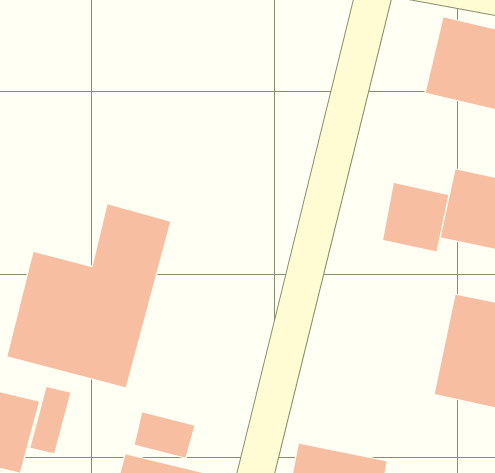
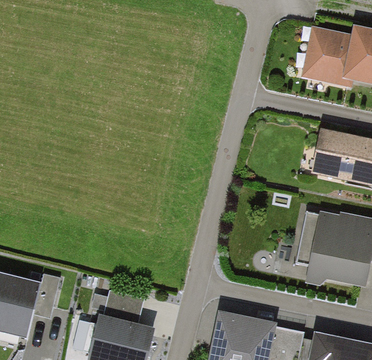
building: [382,182,449,252] -> none
building: [7,204,171,388] -> none

